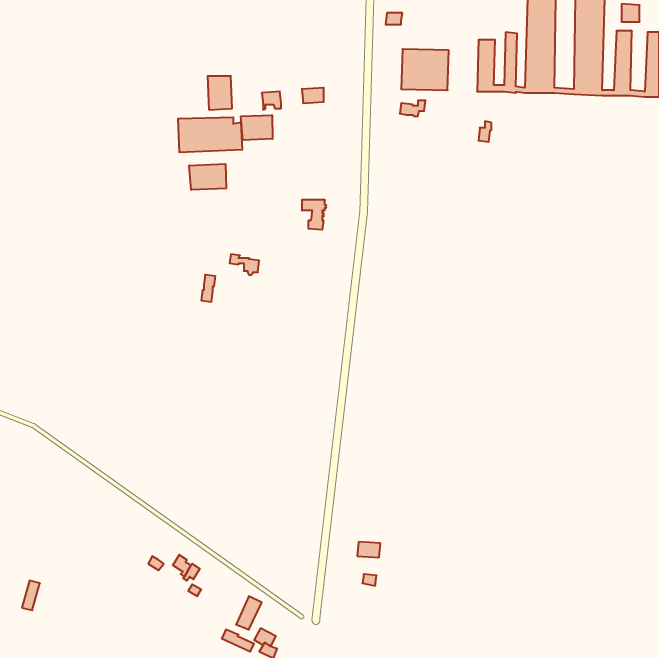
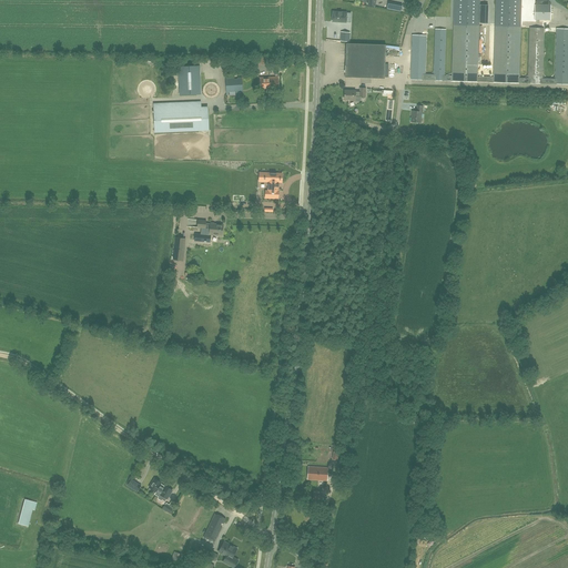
building: [241,115,273,140] -> none
building: [189,164,226,190] -> none

